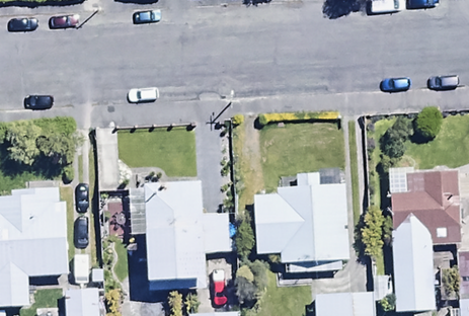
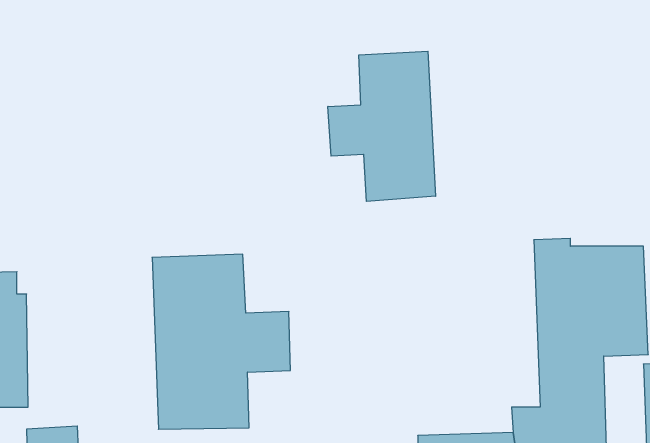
building: none -> [328,51,436,201]
building: [255,167,350,271] -> none

